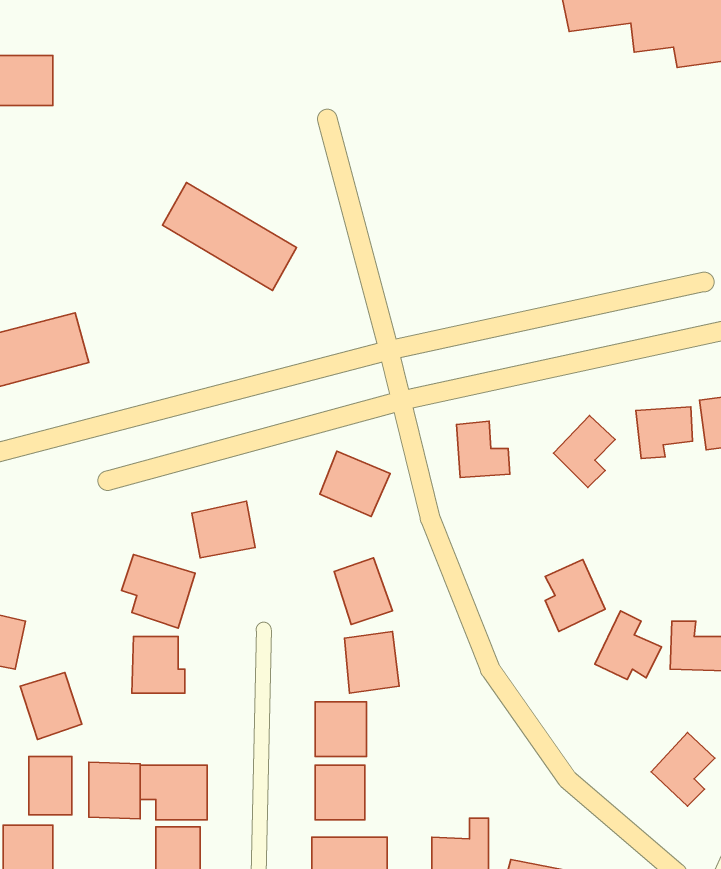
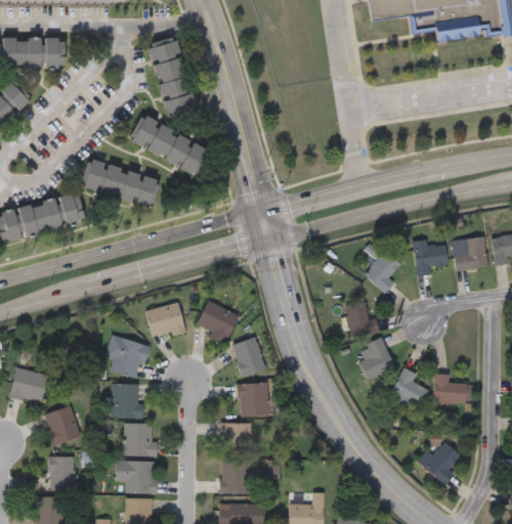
building: none -> [147,36,196,115]
building: none -> [79,157,160,208]
building: [457,421,510,478] -> [345,303,377,337]
building: [320,451,390,516] -> [197,301,239,340]
building: [89,762,140,819] -> [124,423,155,456]

